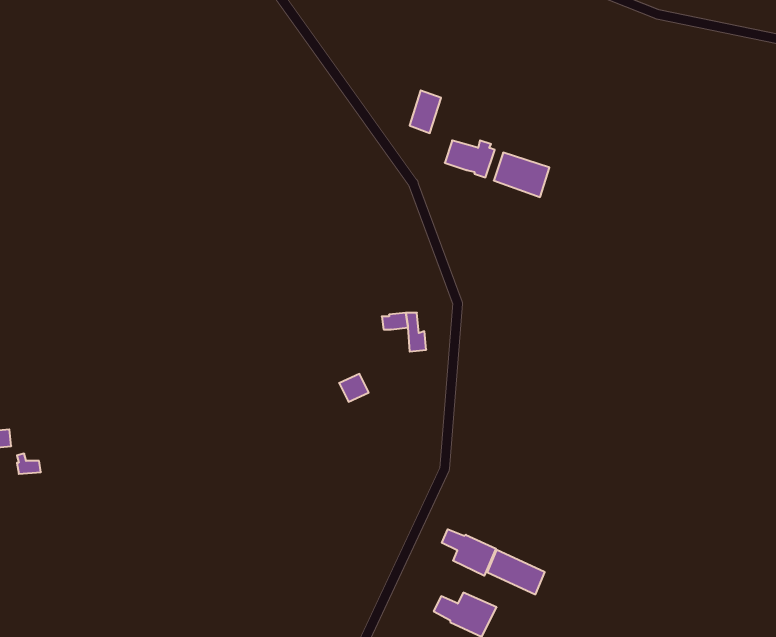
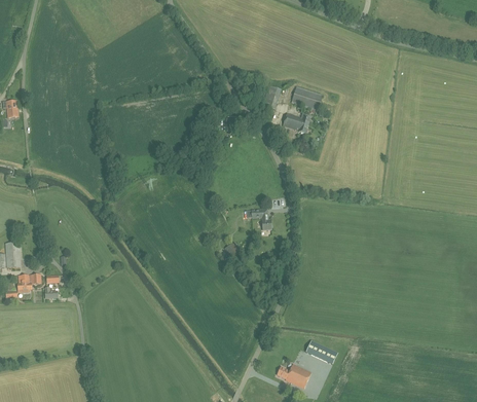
building: [494,153,549,197] -> [291,85,322,110]
building: [442,529,496,576] -> none

